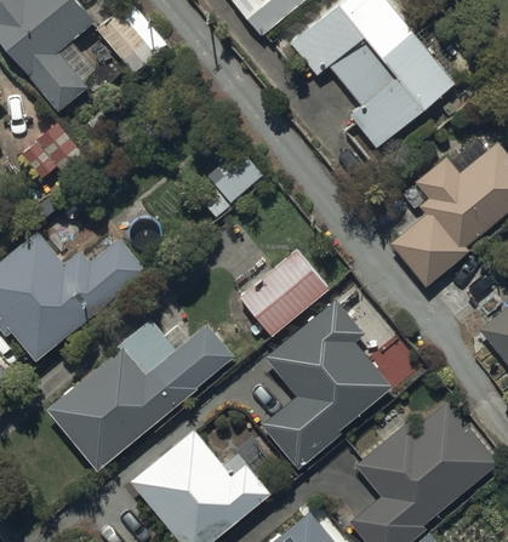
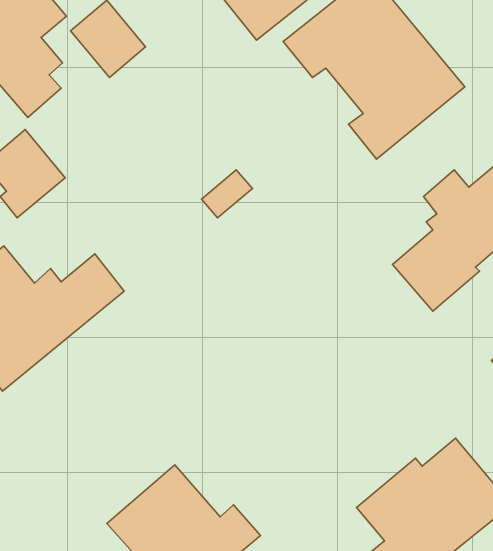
building: [223,252,349,350] -> none
building: [262,302,390,470] -> none
building: [45,319,233,472] -> none

